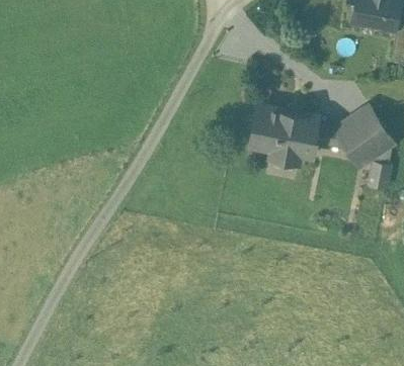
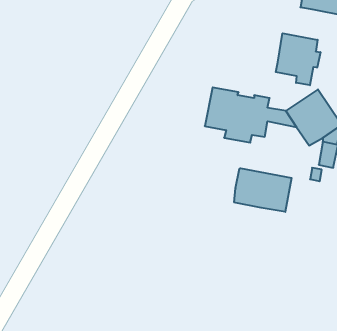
building: none -> [276,33,320,85]
building: none -> [234,168,292,212]

